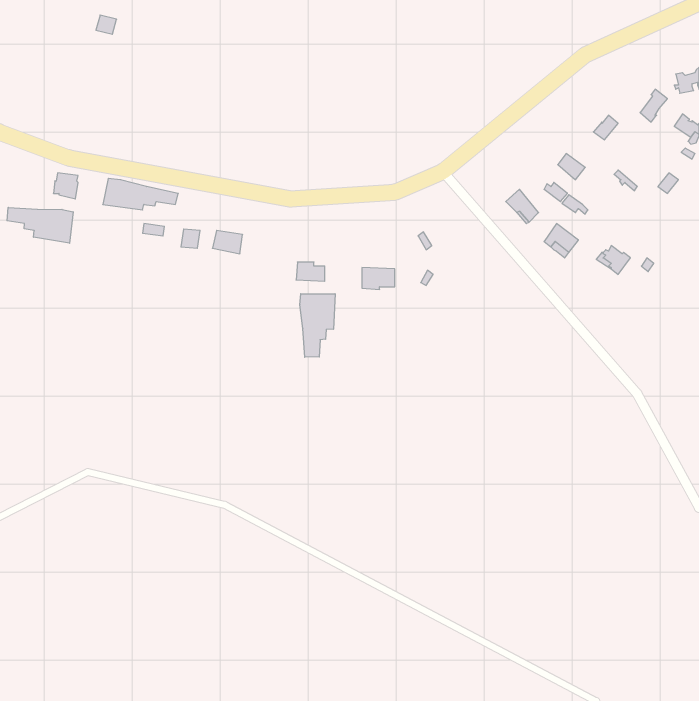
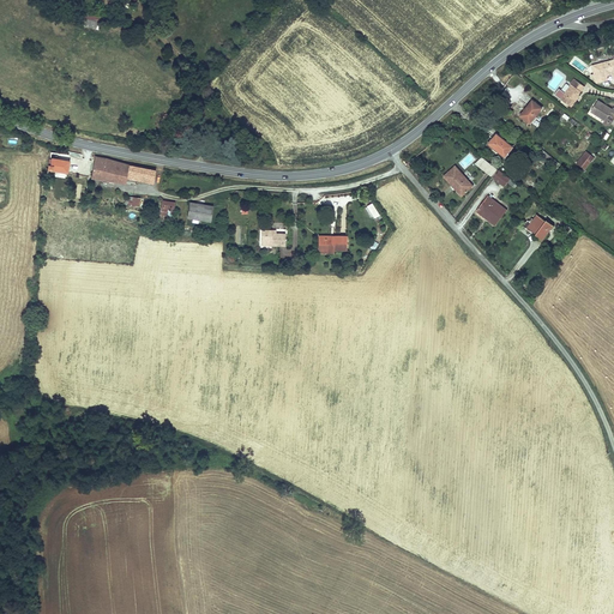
building: [7,207,73,243] -> none
building: [300,294,335,357] -> none

